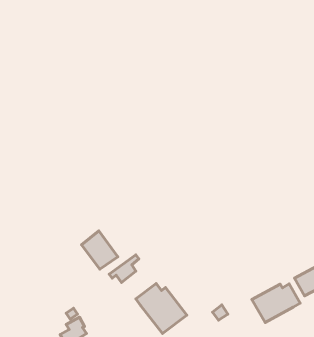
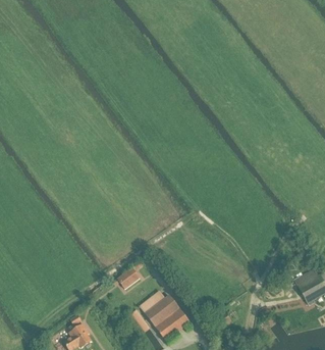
building: [81,231,118,269] -> none
building: [252,284,300,323] -> none

